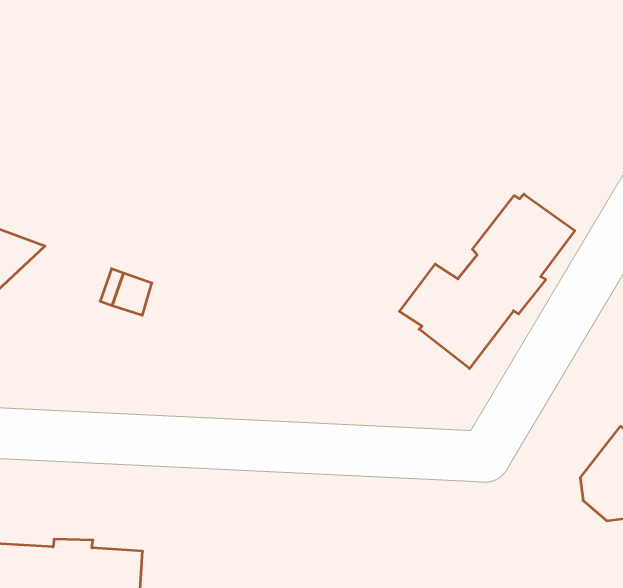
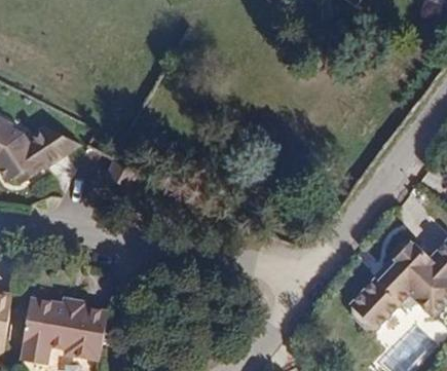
building: [399,194,575,369] -> none

